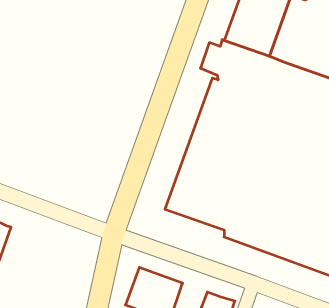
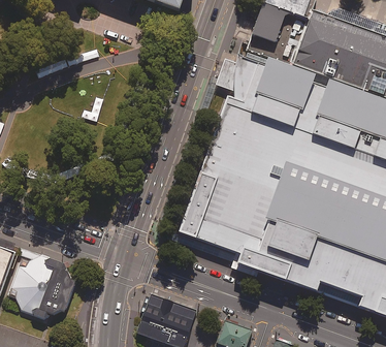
building: none -> [10,249,76,318]

